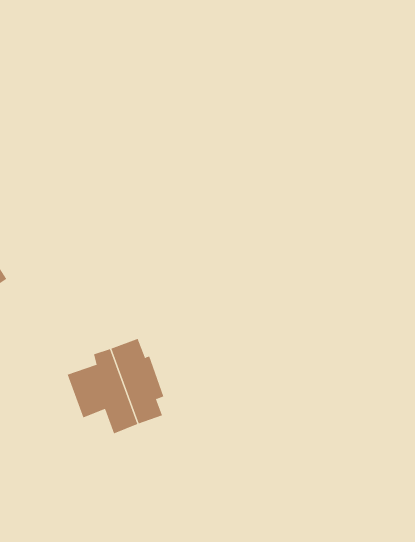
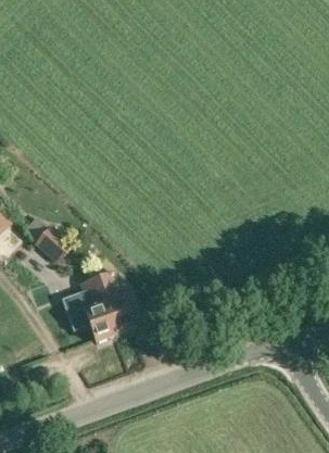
building: none -> [33,225,69,263]

